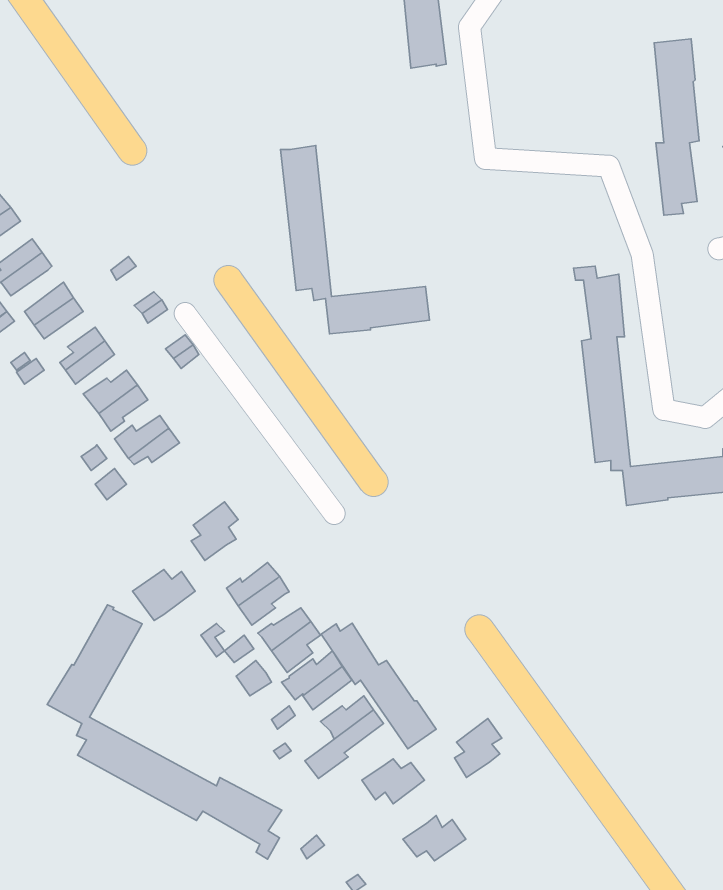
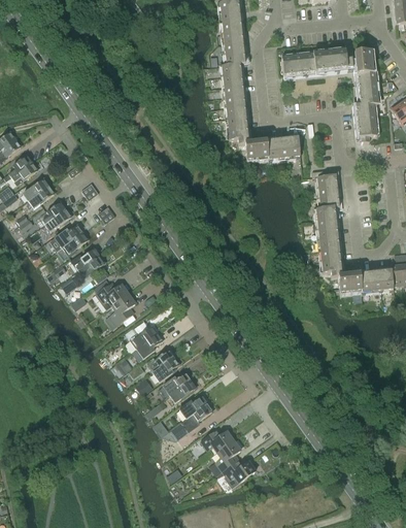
building: none -> [281,51,353,75]
building: [280,145,429,334] -> [222,63,300,162]
building: [132,569,195,620] -> [96,282,129,308]
building: [47,605,282,859] -> none
building: [321,623,436,749] -> none
building: [455,719,502,777] -> [216,439,241,470]

